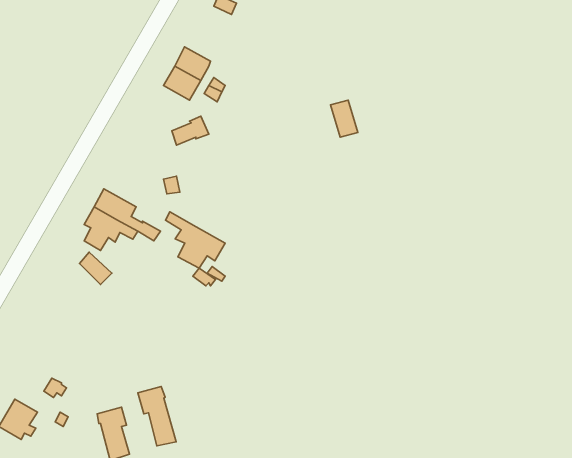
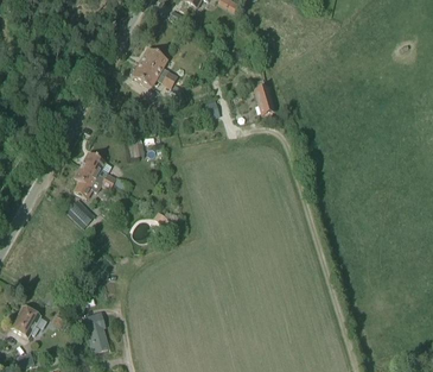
building: [165,212,225,268] -> none
building: [138,386,176,446] -> none

